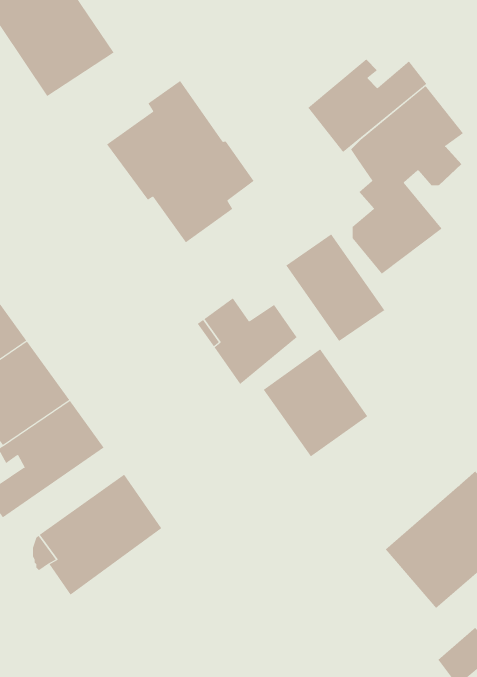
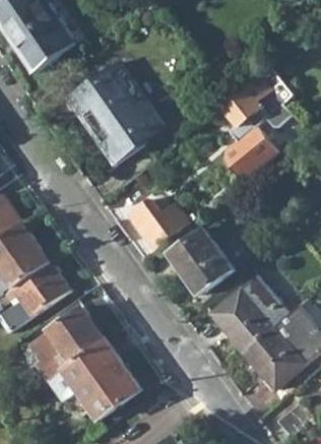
building: [307,58,427,153] -> none
building: [285,234,385,342] -> none
building: none -> [208,274,287,352]
building: none -> [48,338,140,419]

